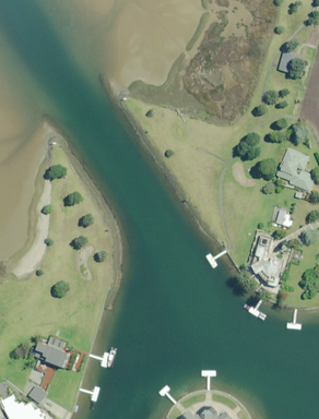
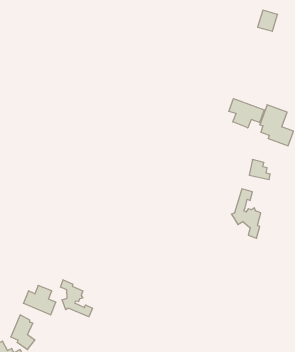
building: none -> [229,99,264,128]
building: none -> [61,280,92,317]

